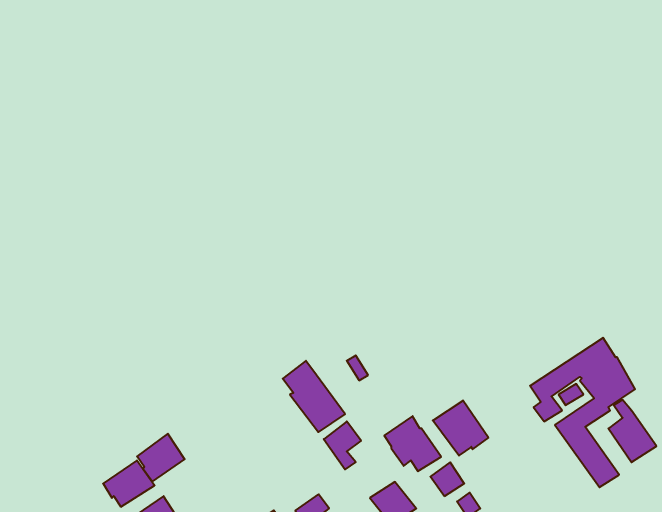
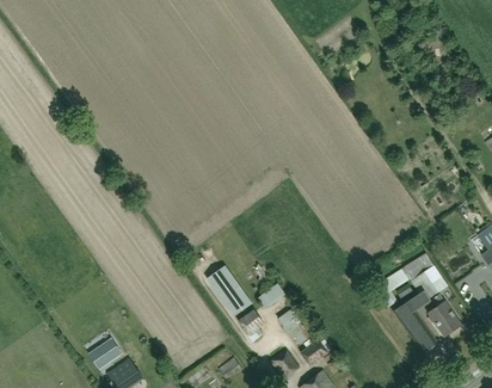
building: [433,400,488,456] -> none
building: [137,434,185,481] -> none

